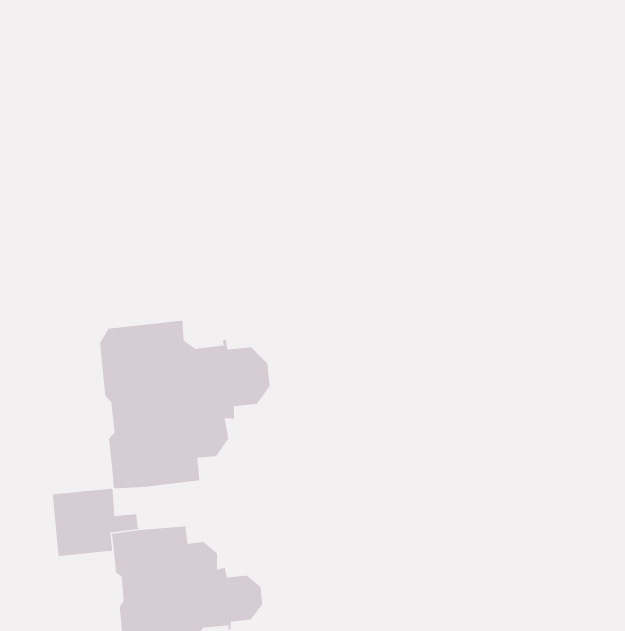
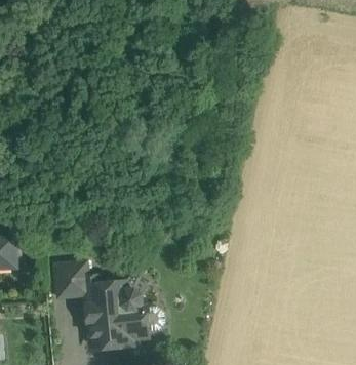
building: [99,320,270,489] -> none

